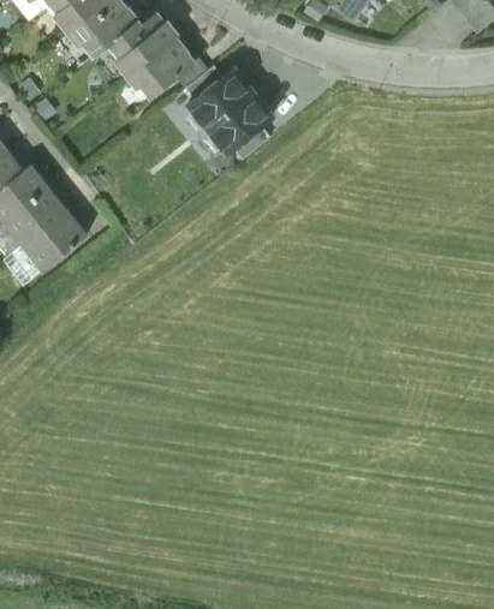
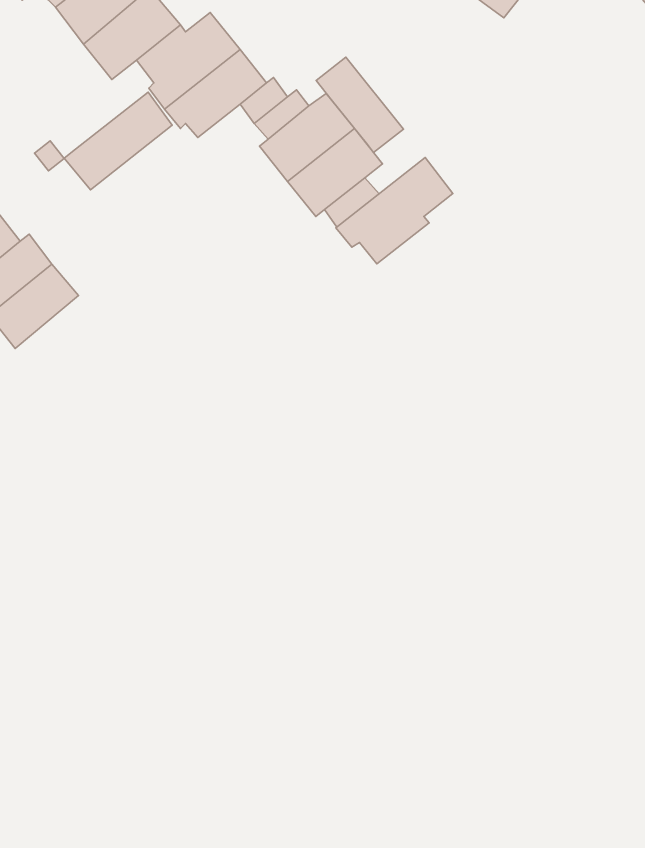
building: none -> [316,57,403,152]
building: none -> [64,92,172,190]
building: none -> [336,157,453,264]
building: [19,205,84,268] -> none

